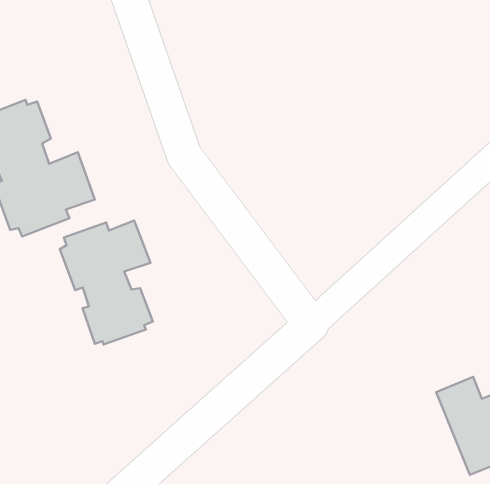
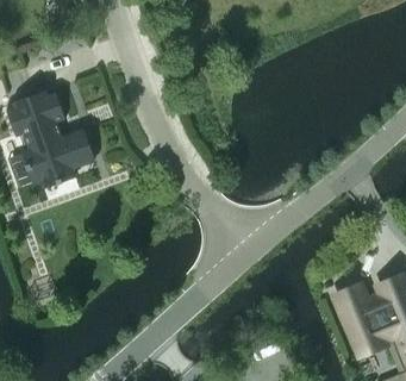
building: [60,221,153,344] -> none

